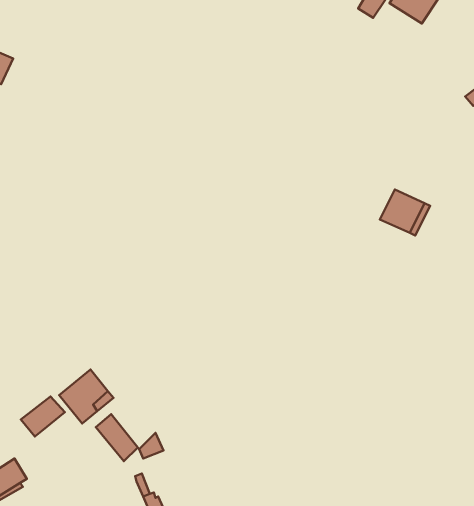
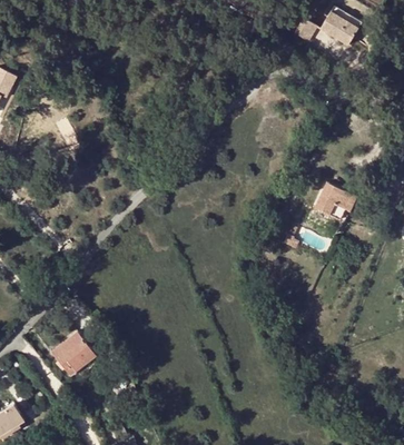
building: [21,396,65,437] -> none
building: [96,414,138,461] -> none

